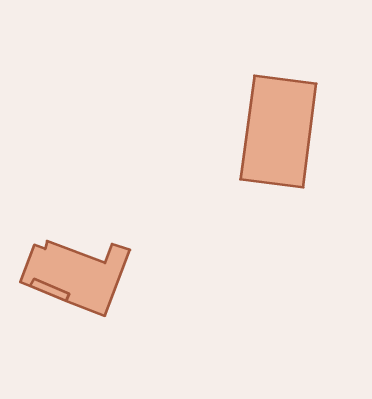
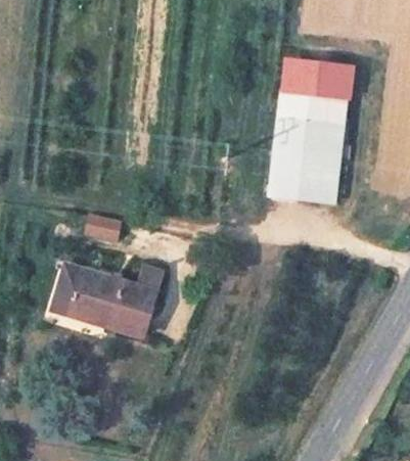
building: none -> [284,60,351,100]
building: none -> [83,212,123,240]

